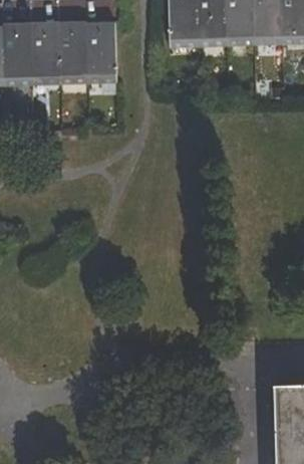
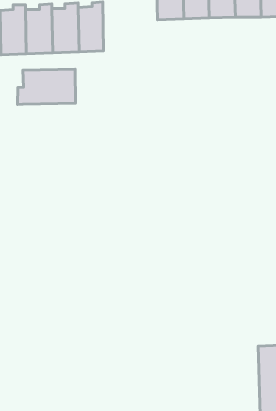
building: none -> [17,69,75,104]

